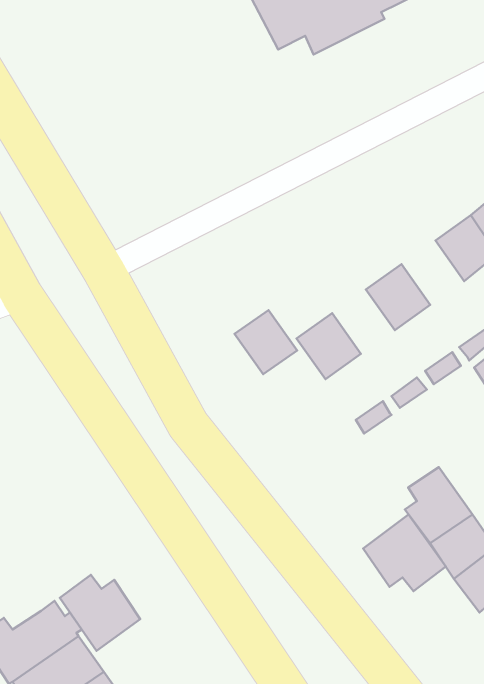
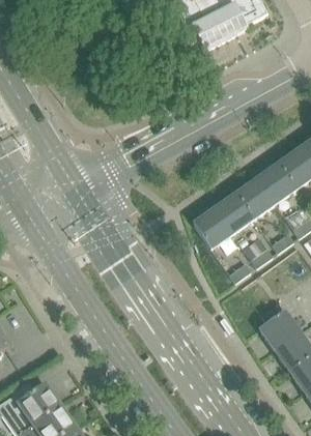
building: none -> [257,164,295,203]
building: [235,310,297,374] -> [215,194,253,233]
building: [363,515,446,591] -> none
building: [60,575,140,651] -> none

